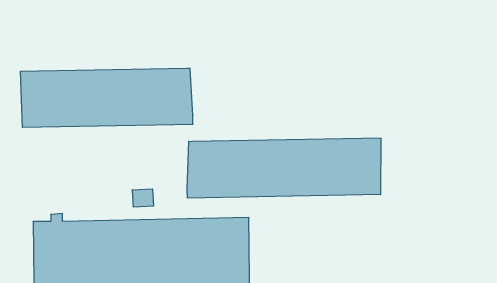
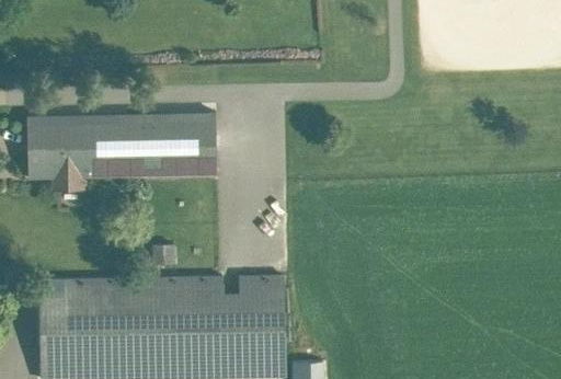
building: [187,138,381,198] -> none

